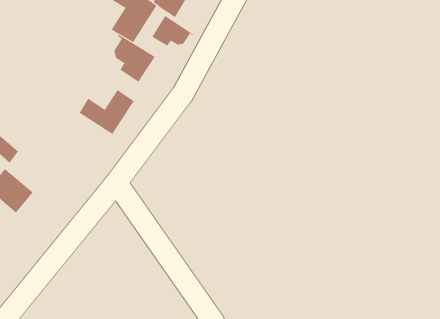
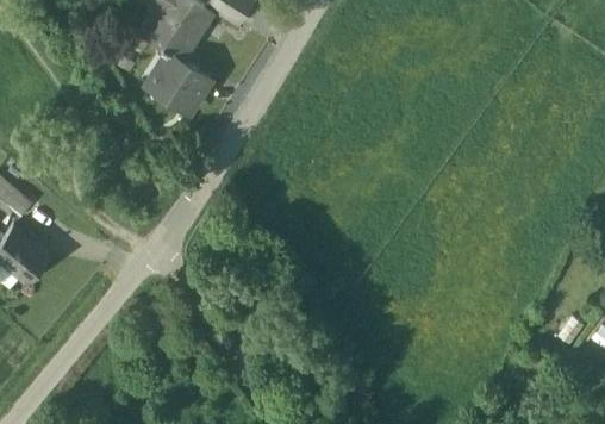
building: [151,15,194,47] -> none
building: [79,89,134,135] -> none

